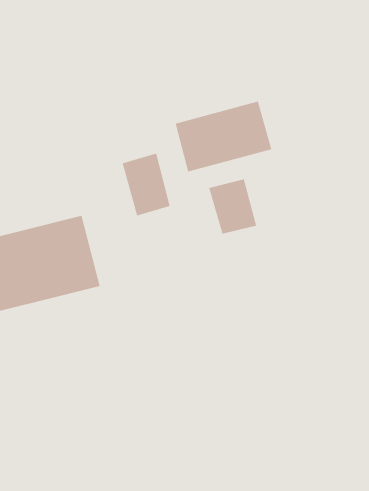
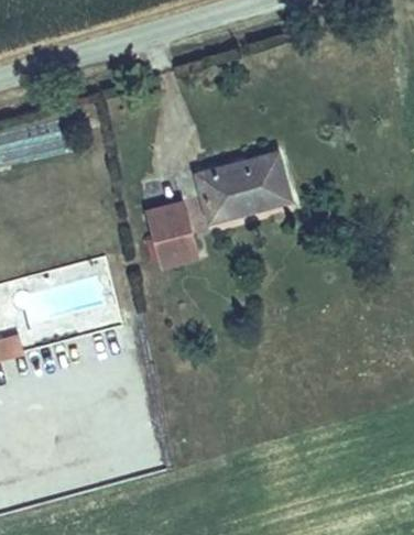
building: [209,179,257,235] -> none

